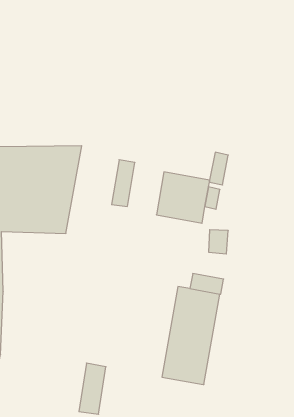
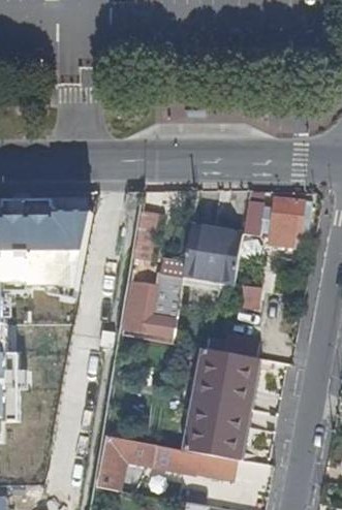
building: none -> [267,202,302,250]
building: none -> [117,278,178,344]
building: none -> [131,441,230,480]

